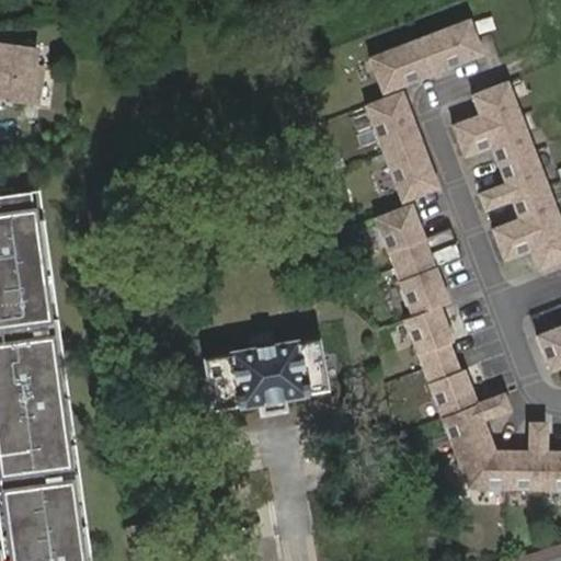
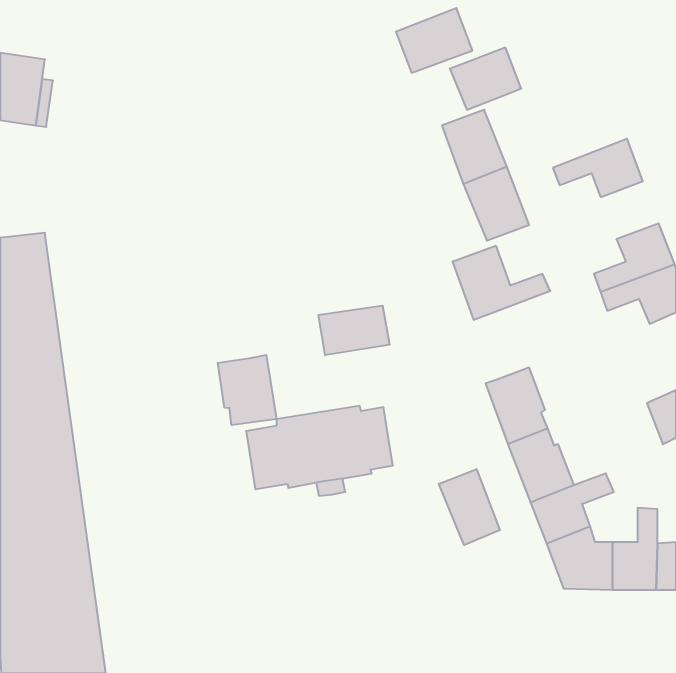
building: [419,20,482,73] -> [396,8,472,73]
building: [453,81,519,139] -> none
building: [479,150,546,208] -> none
building: [392,241,461,314] -> none
building: none -> [319,306,390,355]
building: none -> [218,355,276,425]
building: none -> [439,469,500,545]

